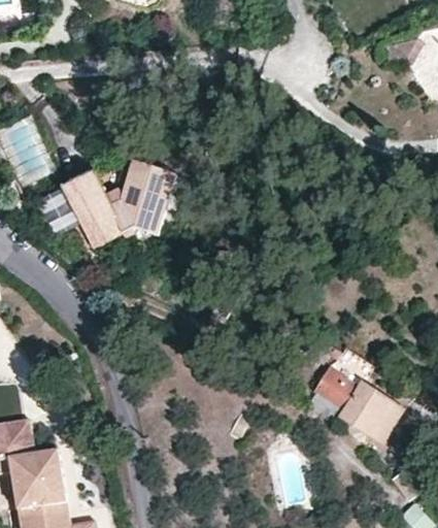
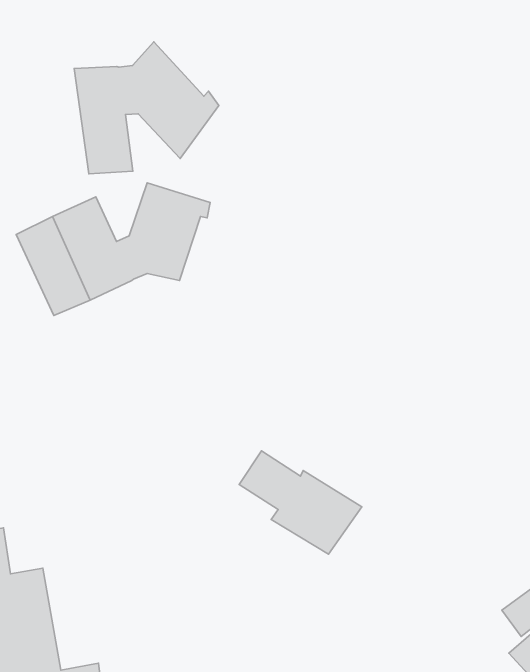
building: none -> [74,42,219,174]
building: [313,366,404,442] -> [239,451,362,554]

